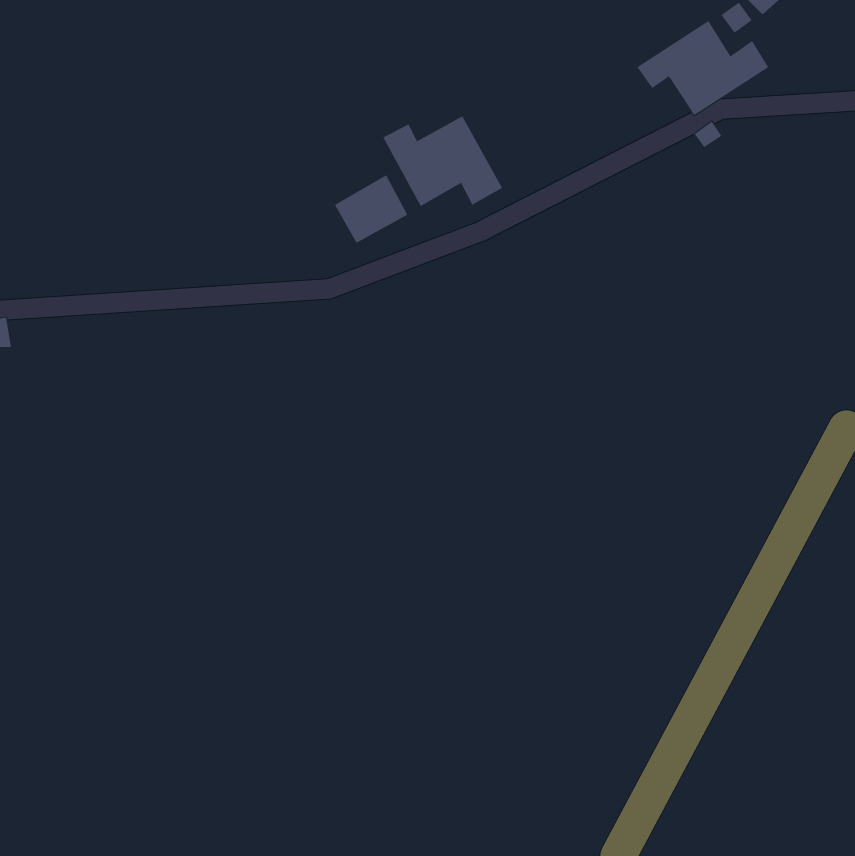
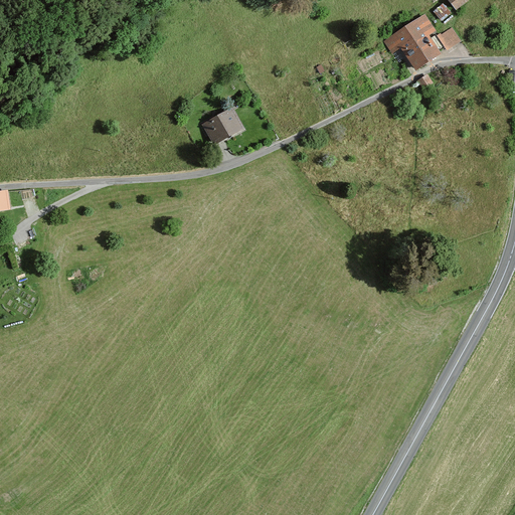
building: [382,116,503,207] -> none

